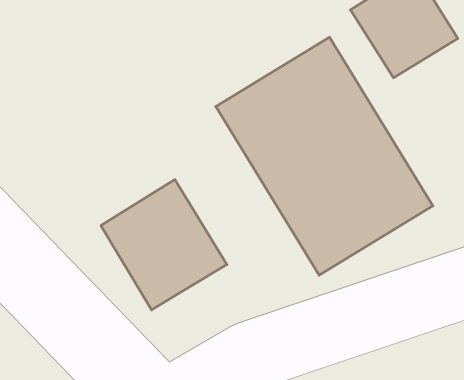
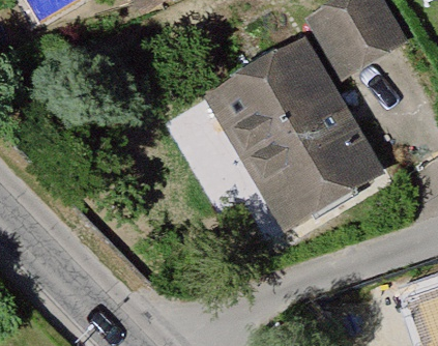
building: [101,180,227,310] -> none

